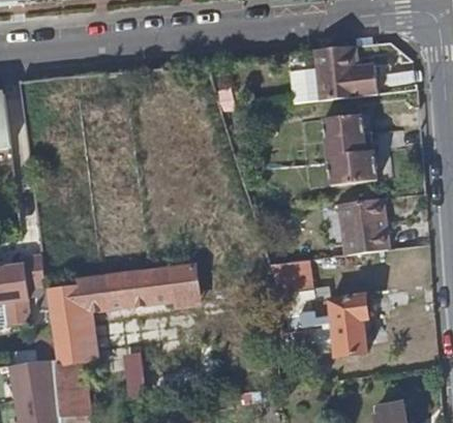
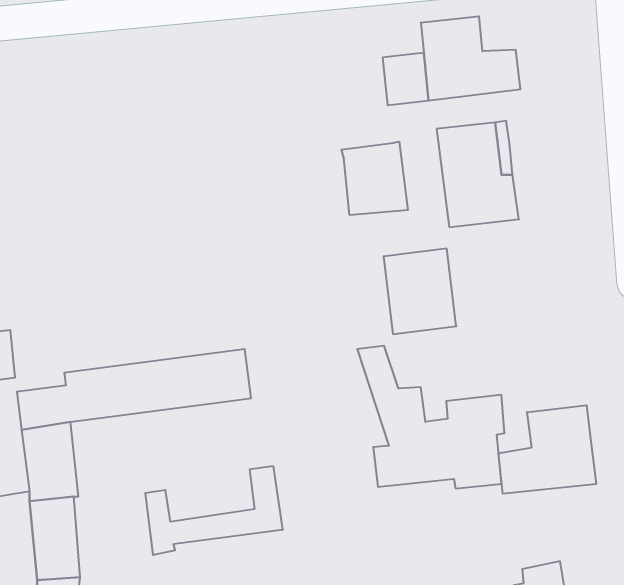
building: none -> [342,142,408,215]
building: [338,198,386,253] -> [383,249,456,334]
building: none -> [499,405,596,494]

